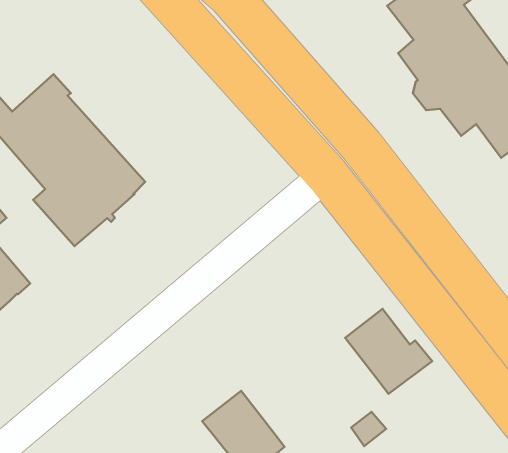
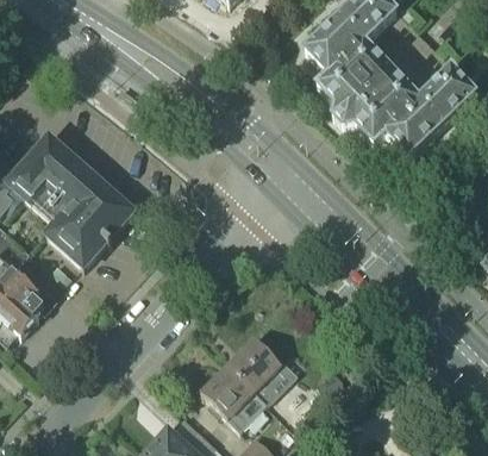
building: [345,309,432,394] -> [227,337,298,402]

